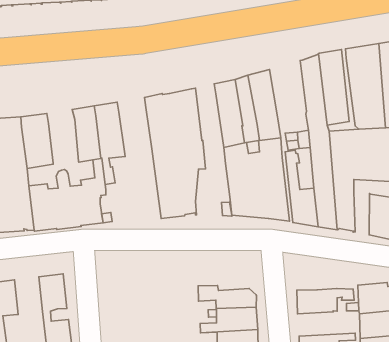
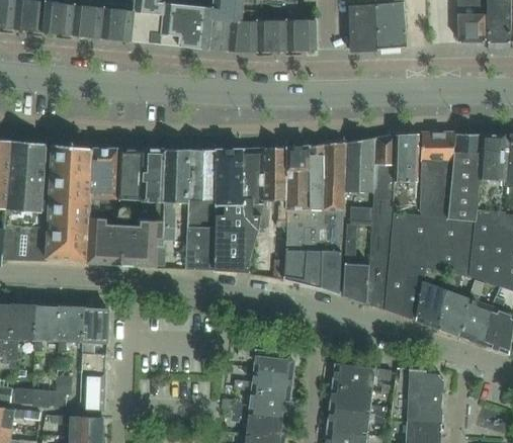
building: none -> [344,139,375,192]
building: none -> [266,148,287,228]
building: none -> [185,150,217,271]
building: none -> [116,150,145,201]
building: none -> [402,273,424,321]
building: none -> [57,306,84,353]
building: none -> [330,386,387,415]

